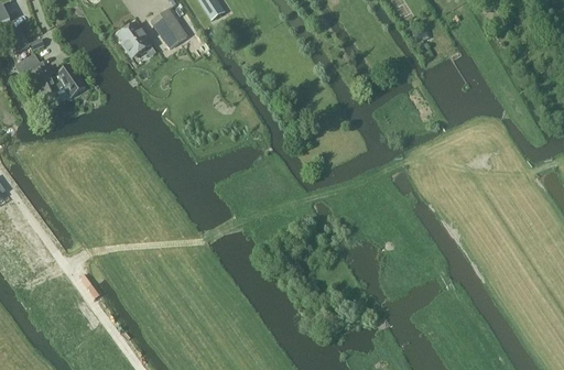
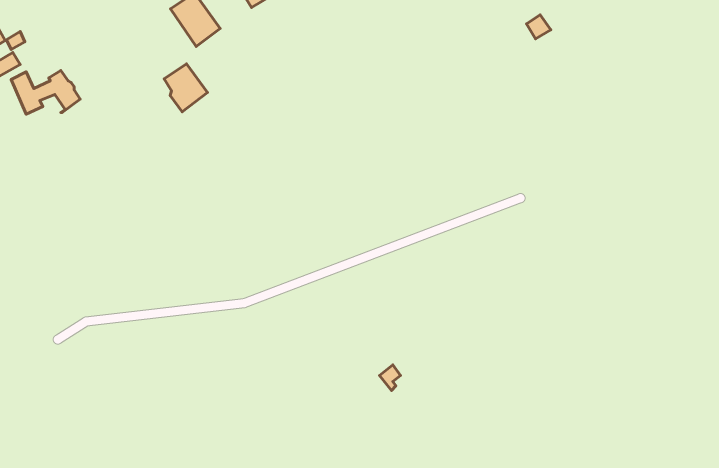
building: [119,22,151,57] -> [164,64,208,112]

